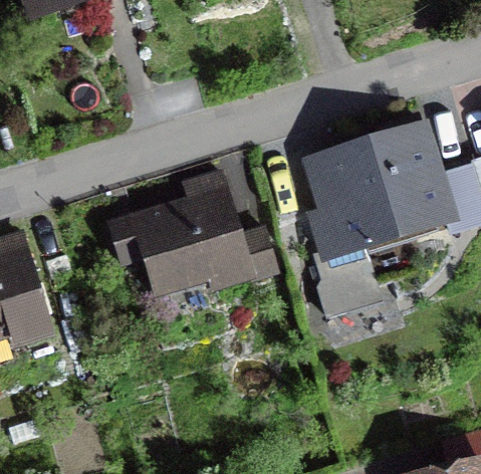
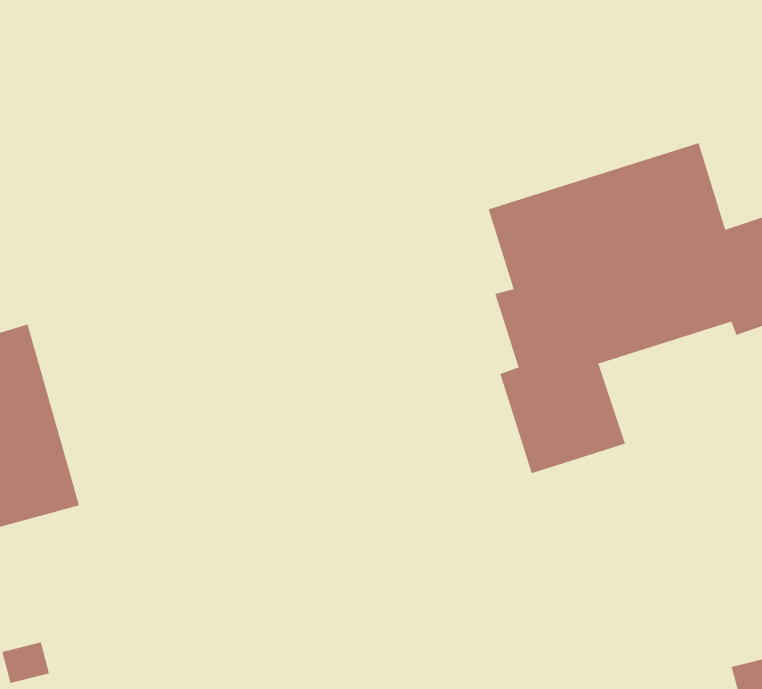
building: [106,165,280,312] -> none

